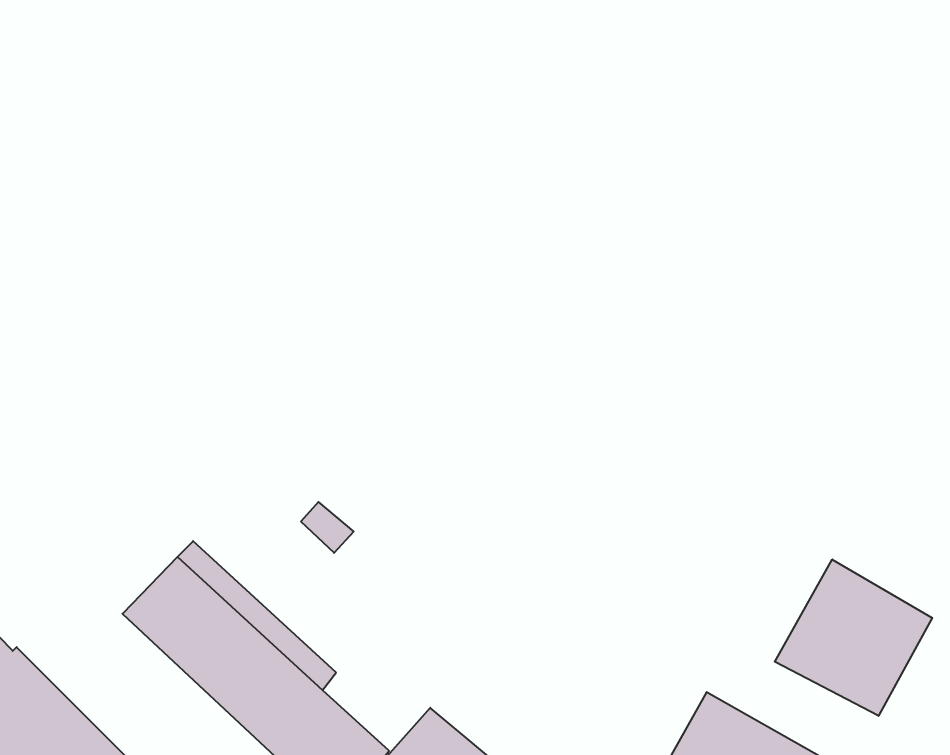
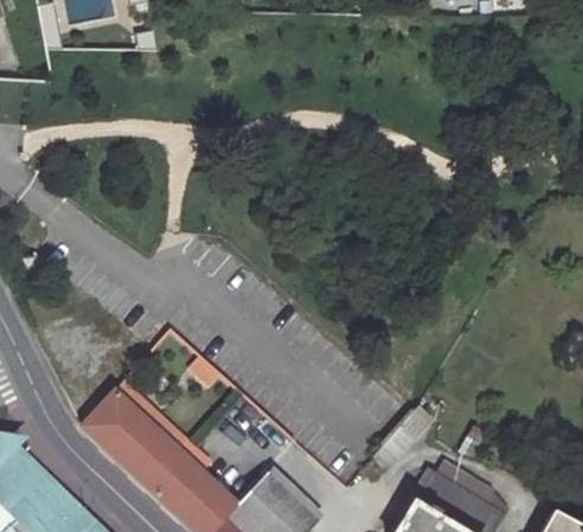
building: [775,559,932,716] -> none

